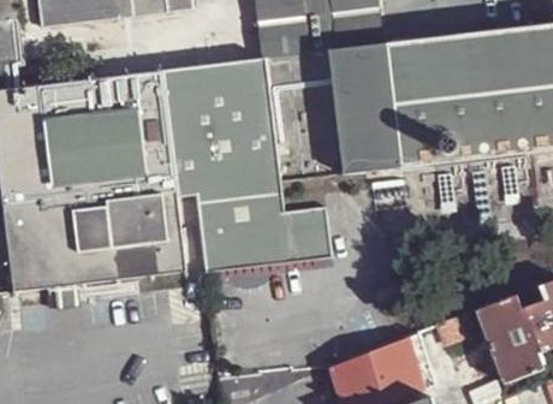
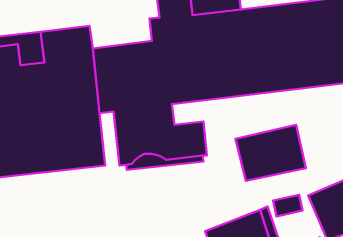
building: [162,59,252,102] -> none
building: none -> [235,125,306,181]

